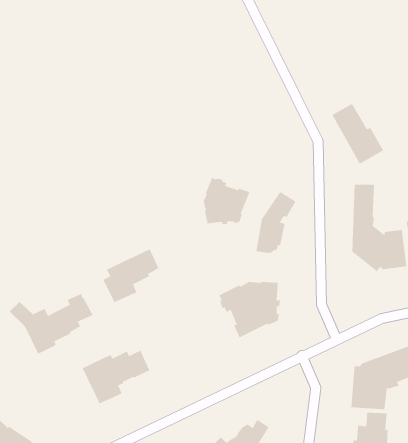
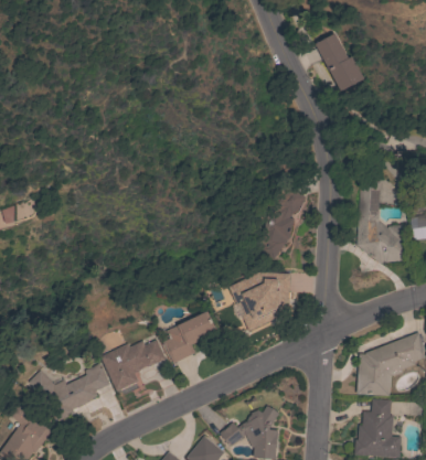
building: [332,103,384,164] -> [315,33,364,92]
building: [203,177,250,225] -> none
building: [103,249,159,303] -> [162,311,216,363]
building: [9,293,93,354] -> [30,363,110,421]

